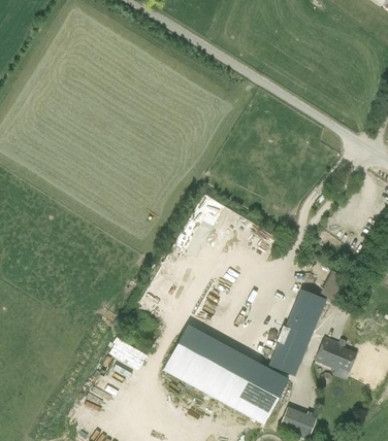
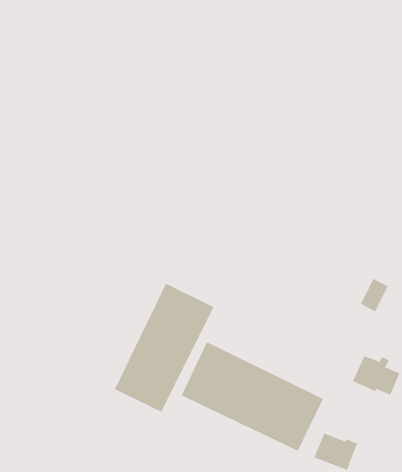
building: none -> [114,283,214,413]
building: [270,291,325,376] -> none

